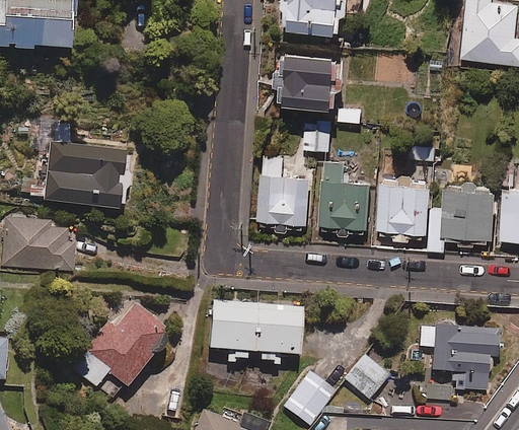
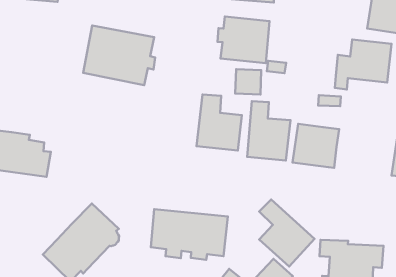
building: [43,140,131,210] -> [83,26,155,85]
building: [431,188,498,250] -> [335,39,392,90]
building: none -> [259,200,315,267]

